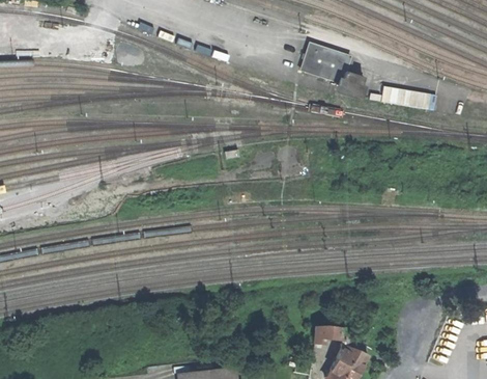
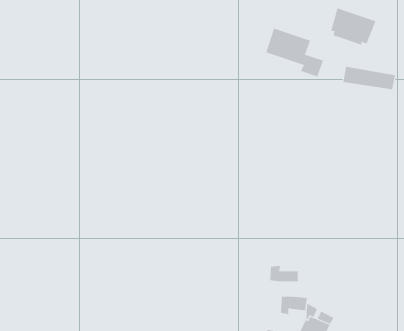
building: none -> [330,8,376,46]
building: none -> [270,265,299,282]

